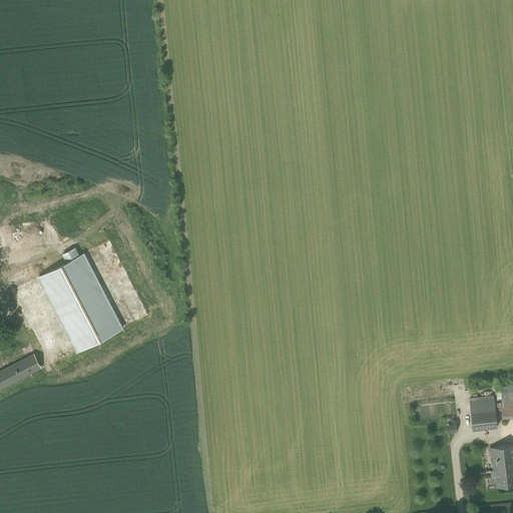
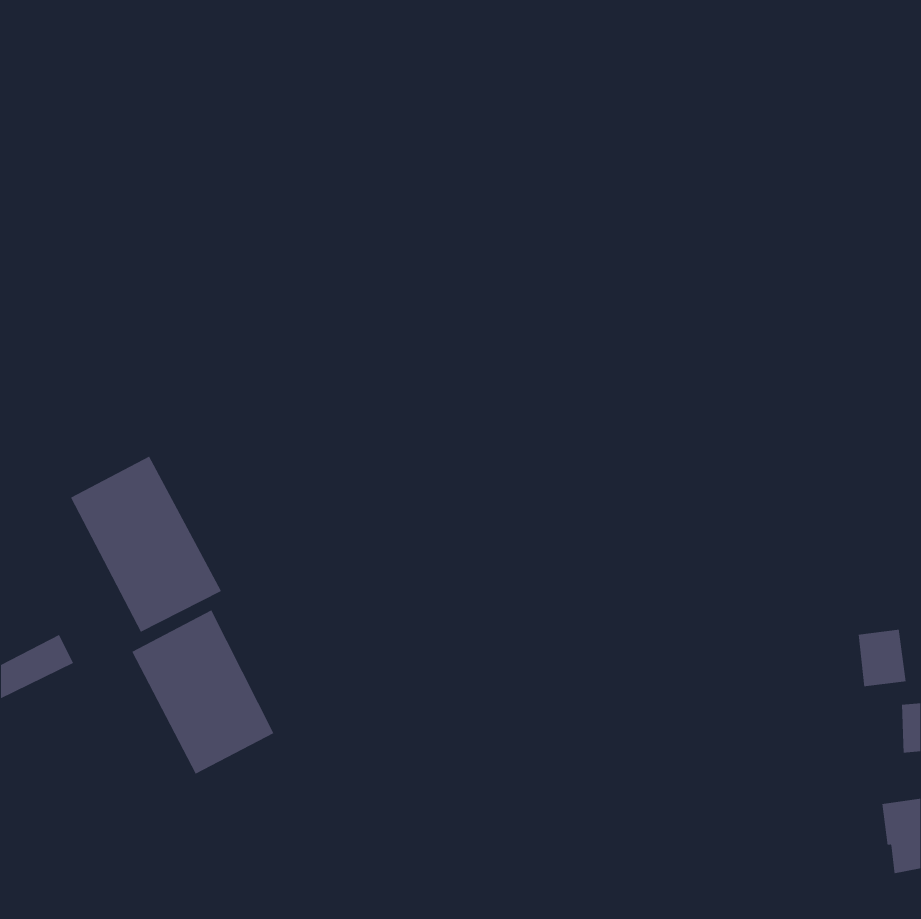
building: none -> [132,609,274,774]
building: [470,399,497,431] -> [858,629,907,687]

